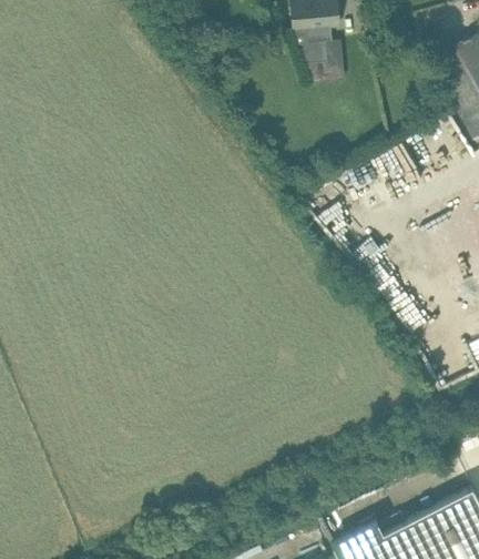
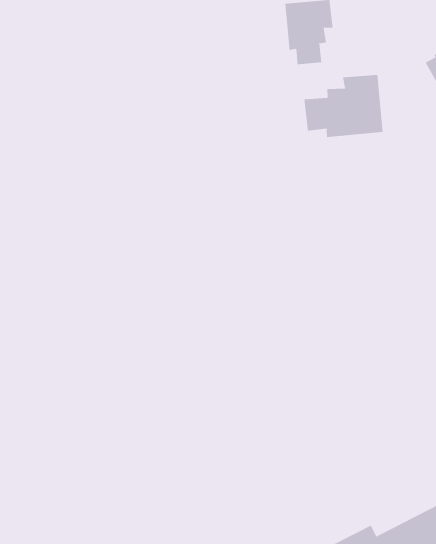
building: none -> [304,74,383,138]

